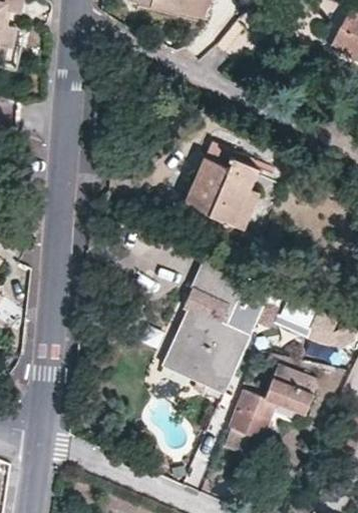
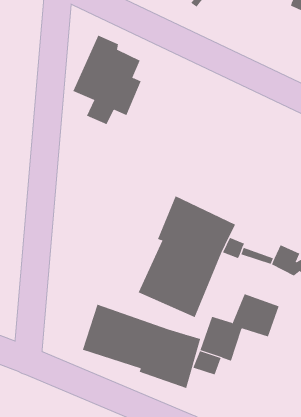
building: [186,140,262,239] -> [72,35,141,125]
building: none -> [82,304,201,389]

